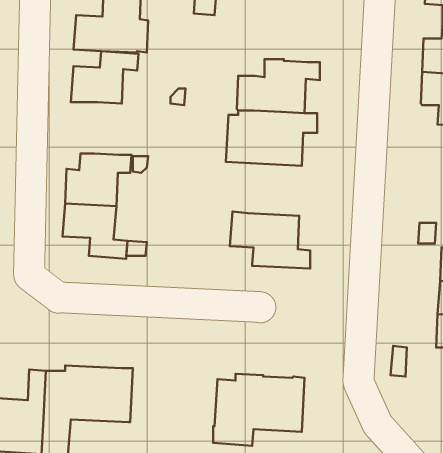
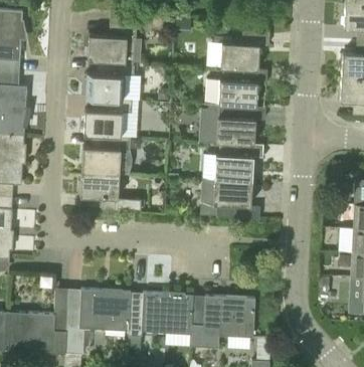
building: none -> [220,31,268,69]
building: none -> [83,99,132,137]
building: none -> [214,143,263,181]
building: none -> [128,293,192,337]

